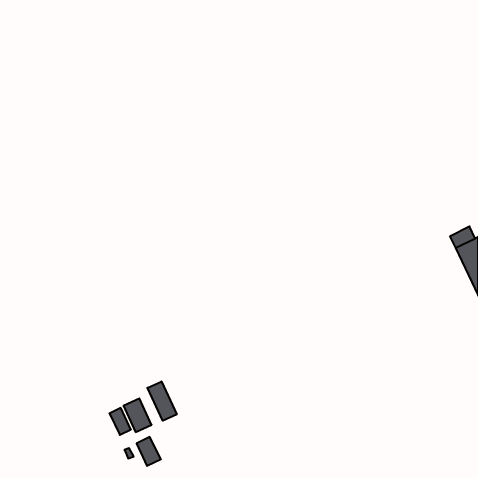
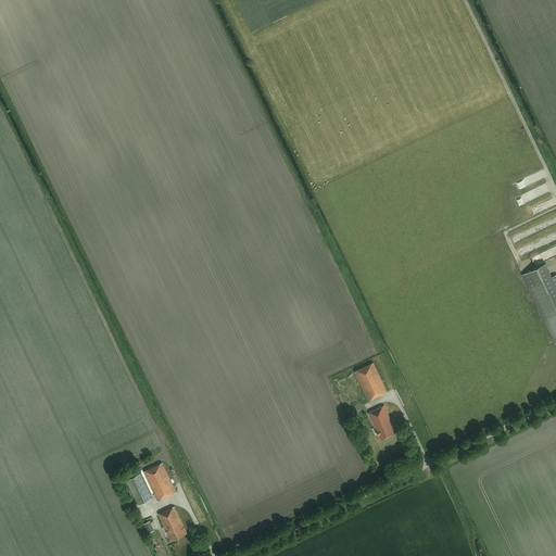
building: none -> [355,363,387,401]
building: none -> [368,406,396,440]
building: [147,381,177,421] -> none

